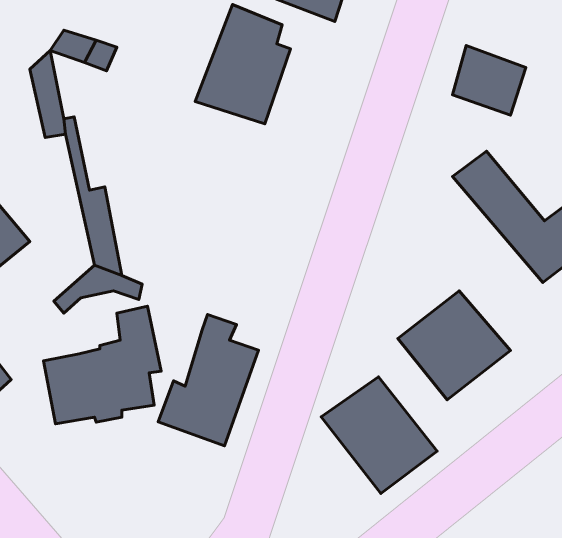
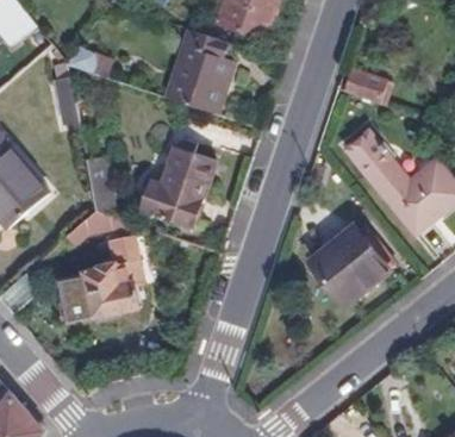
building: [158,314,259,446] -> [144,135,214,226]
building: [321,377,437,493] -> none

